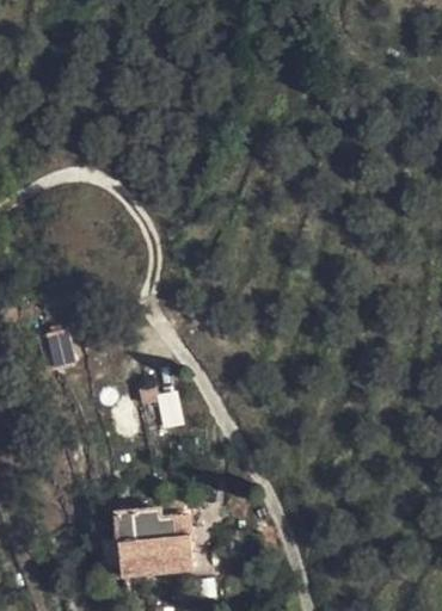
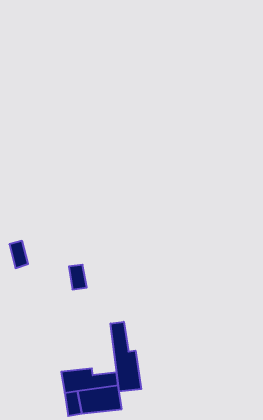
building: none -> [111,322,141,391]

